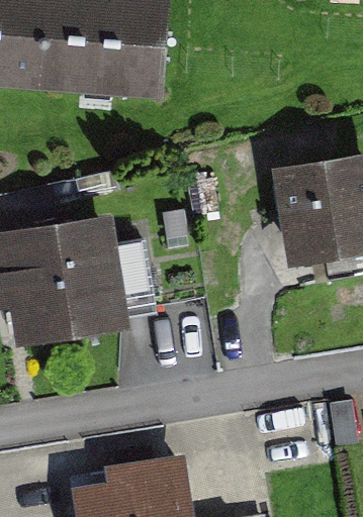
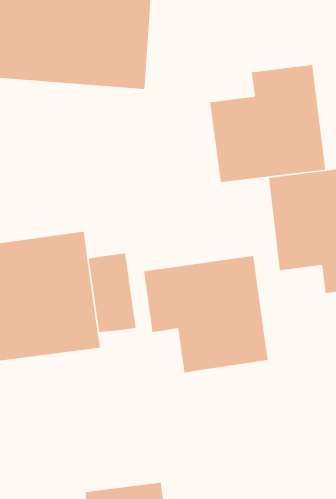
building: none -> [209,64,326,183]
building: none -> [143,255,269,373]

